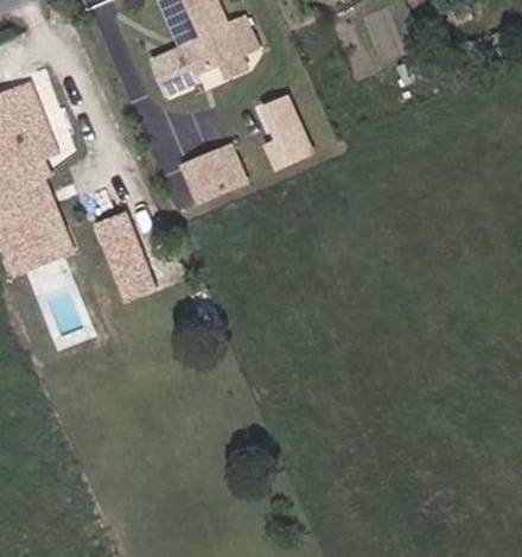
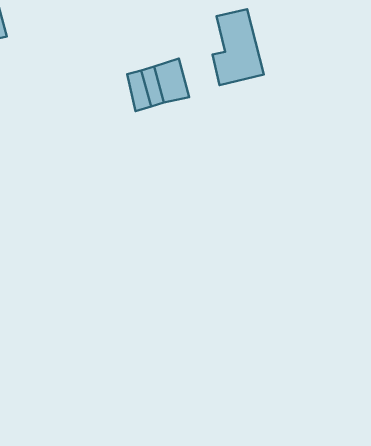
building: [95,209,152,297] -> none

